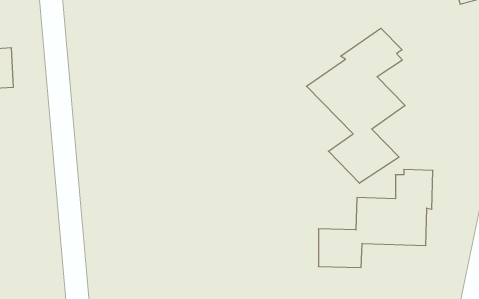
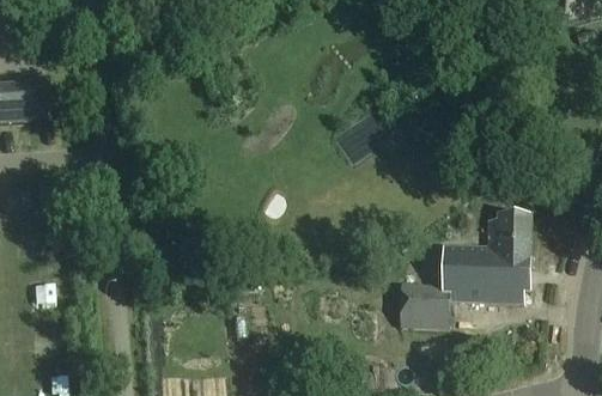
building: [306,28,405,183] -> none

